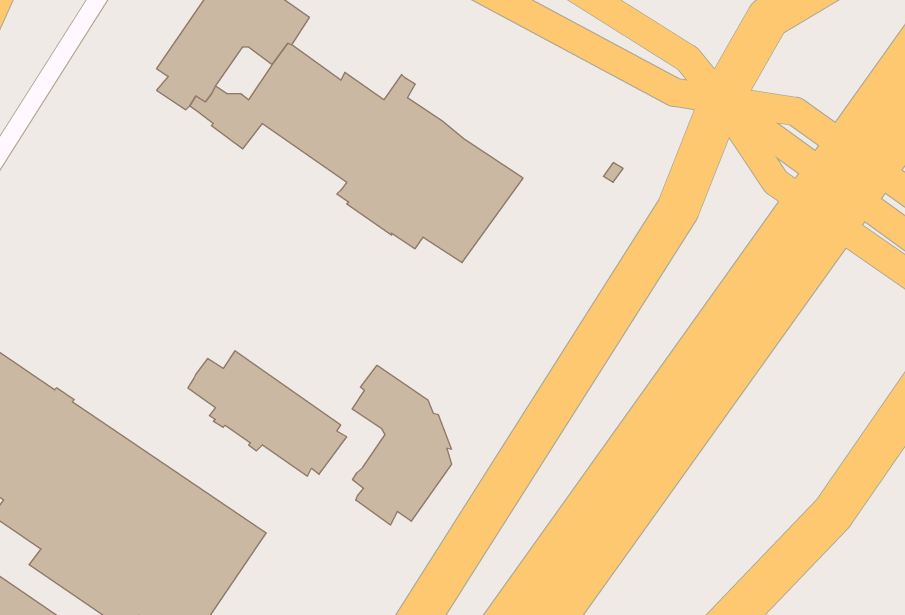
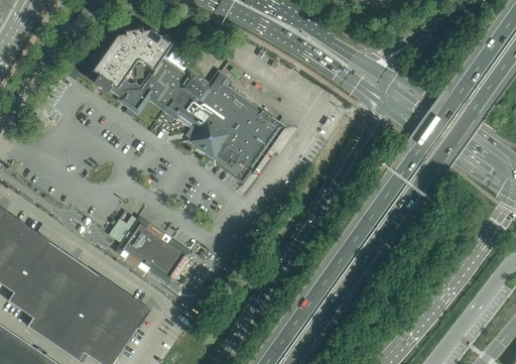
building: [352,365,451,525] -> none

